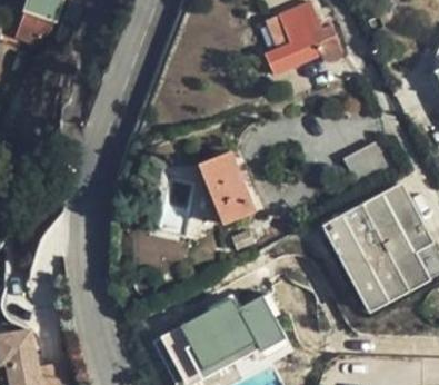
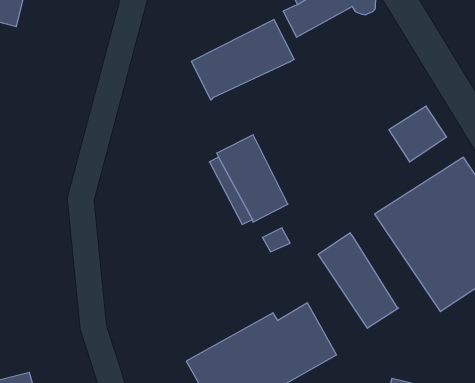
building: none -> [191,19,294,100]
building: none -> [318,233,399,328]

